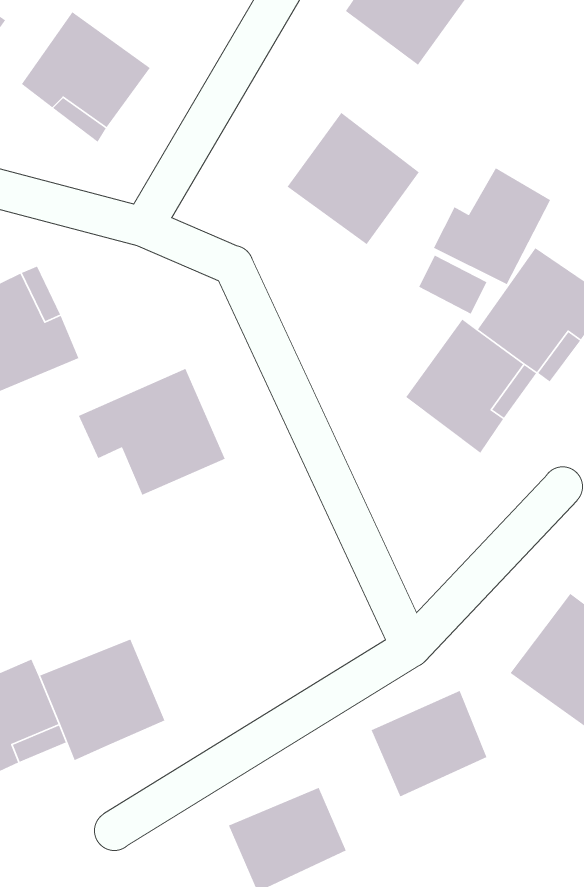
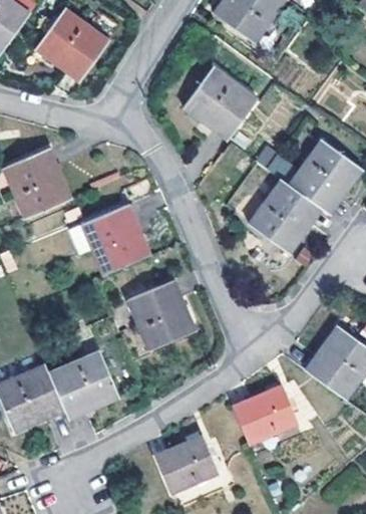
building: [433,167,551,285] -> none
building: none -> [125,280,193,350]

